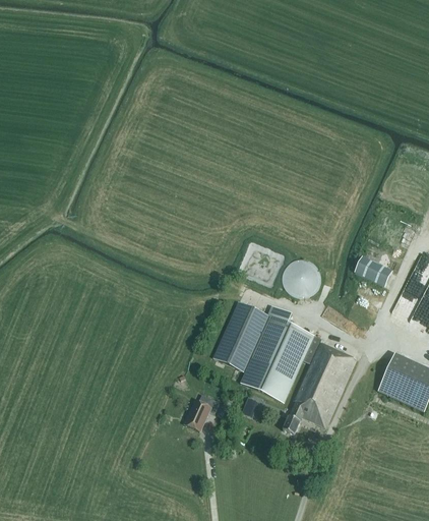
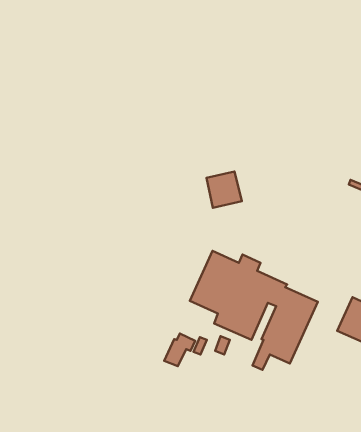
building: [355,256,392,287] -> none
building: [285,257,324,298] -> [206,171,242,208]

